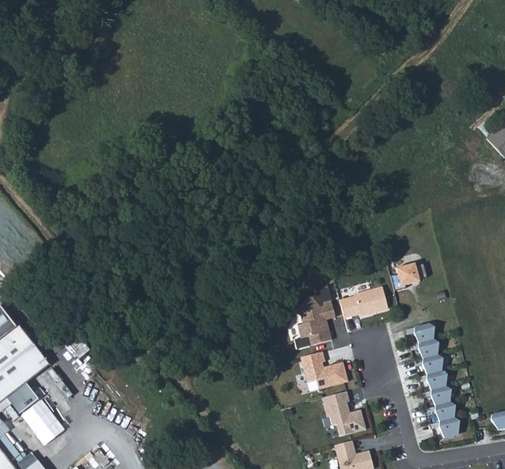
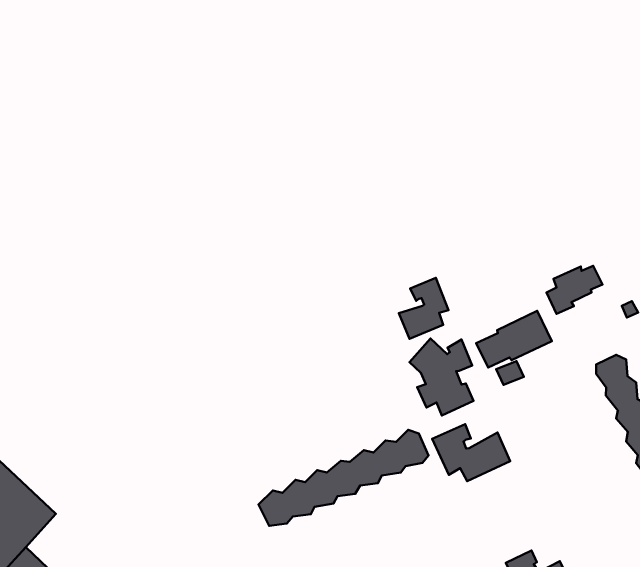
building: none -> [399,278,449,339]
building: none -> [259,430,428,526]
building: [322,392,366,436] -> none

